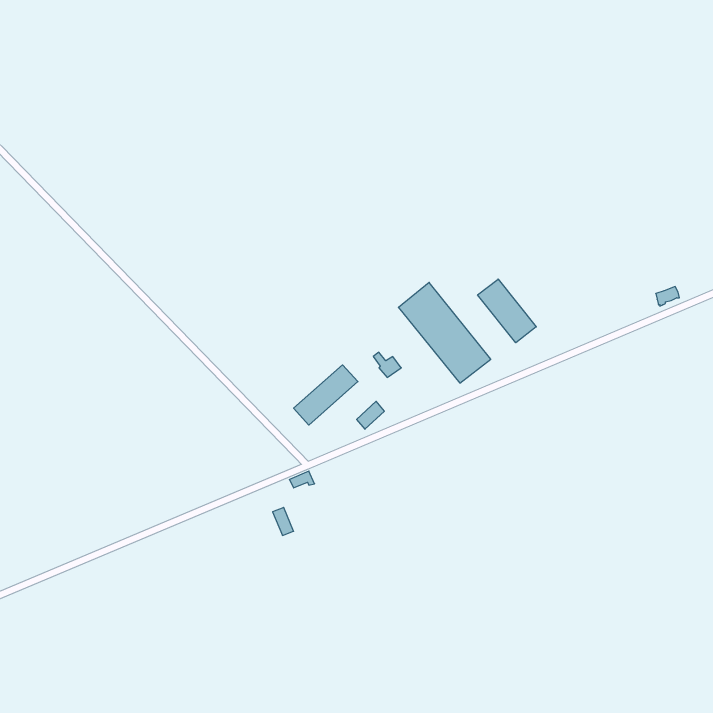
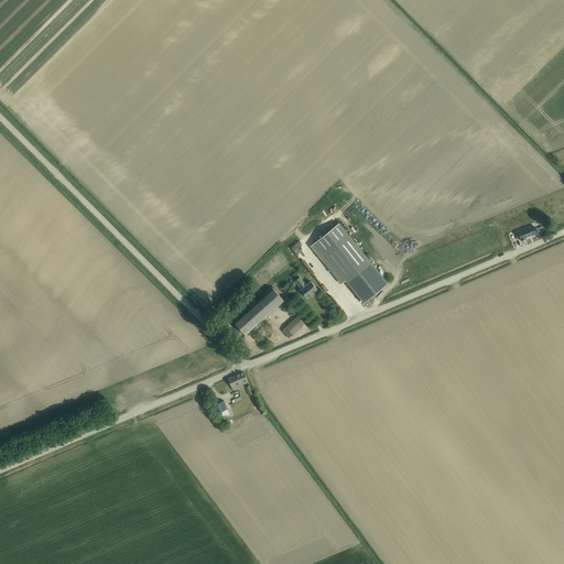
building: [478,279,536,343] -> none

